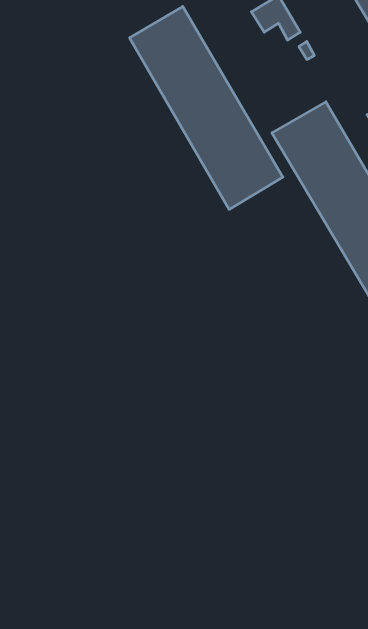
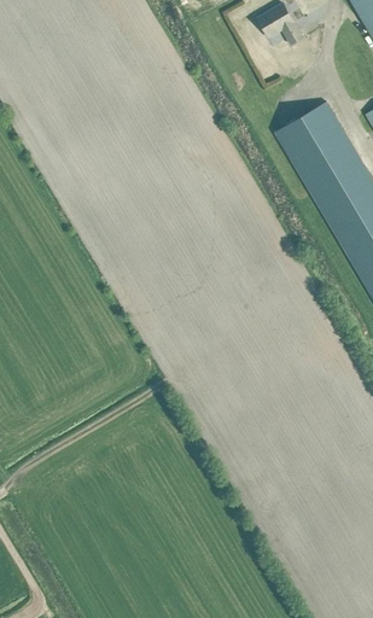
building: [130,6,283,209] -> none

